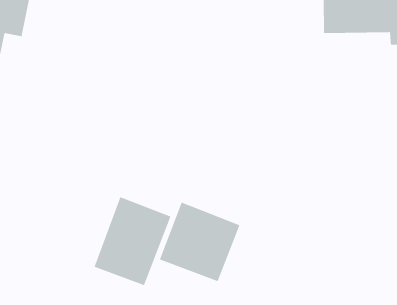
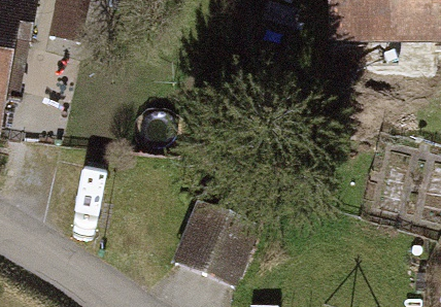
building: [93,196,172,286] -> none

